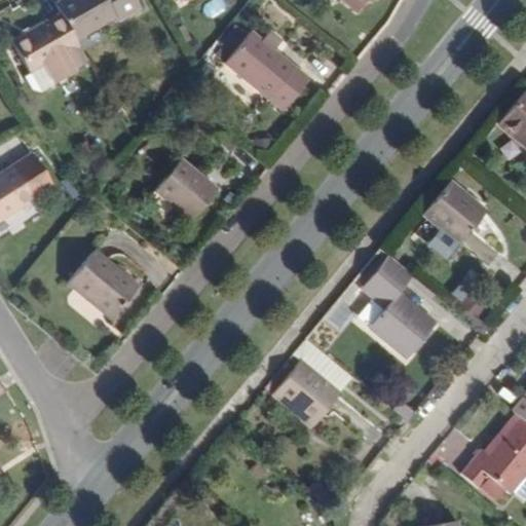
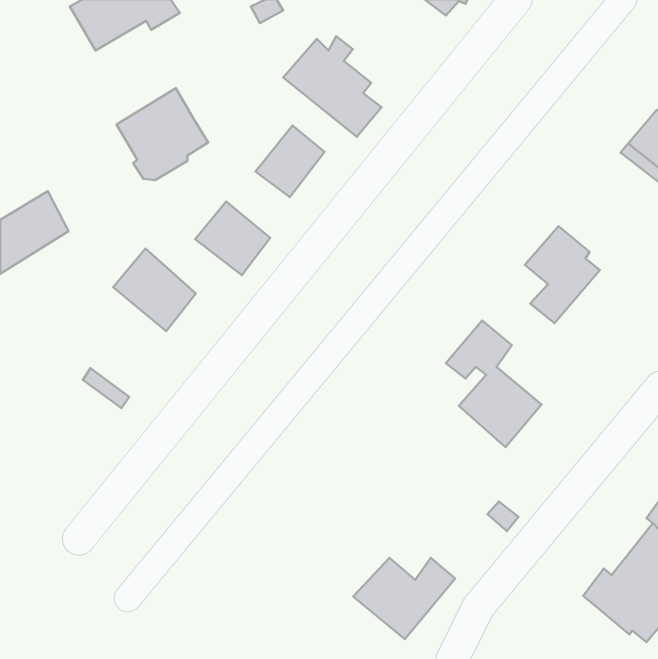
building: [16,15,89,88] -> [116,88,208,180]
building: none -> [256,126,324,197]
building: [71,252,137,317] -> [113,248,196,331]
building: [269,362,350,426] -> [353,558,455,639]

